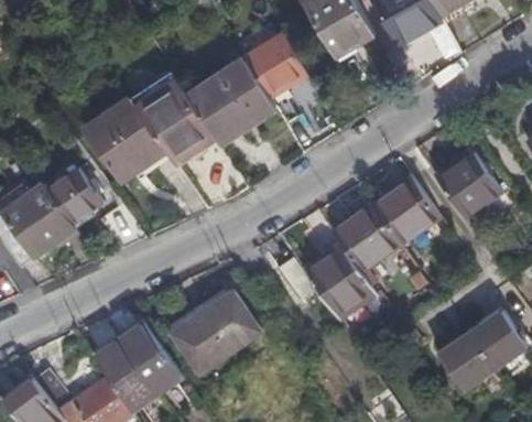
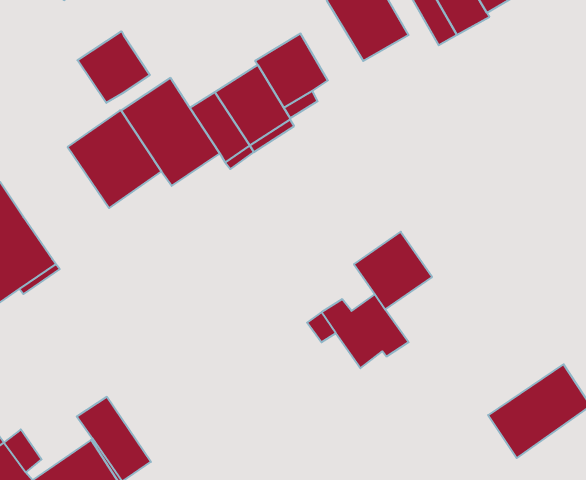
building: none -> [77,31,150,103]
building: [435,153,499,218] -> none
building: [48,169,102,224] -> none
building: [369,175,436,241] -> none
building: [170,291,260,374] -> none
building: [119,323,184,396] -> none

